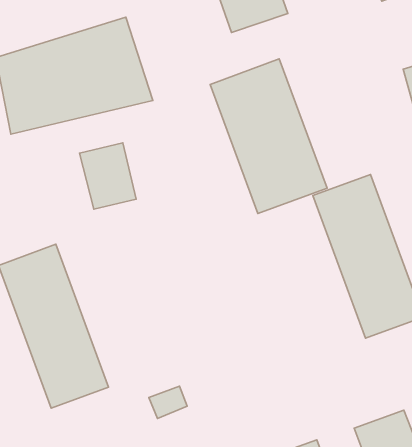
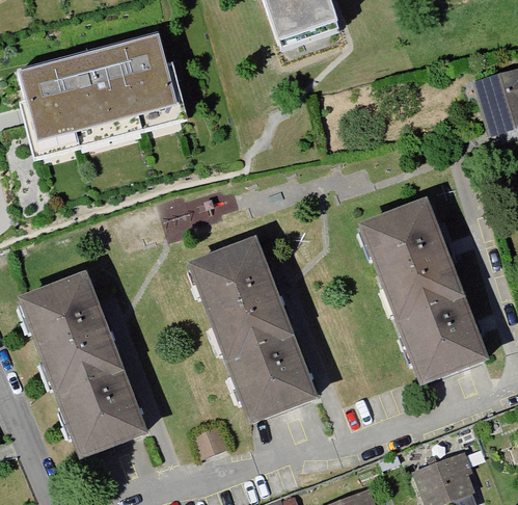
building: [210,59,327,214] -> none
building: [80,143,136,209] -> none
building: none -> [194,236,313,414]

